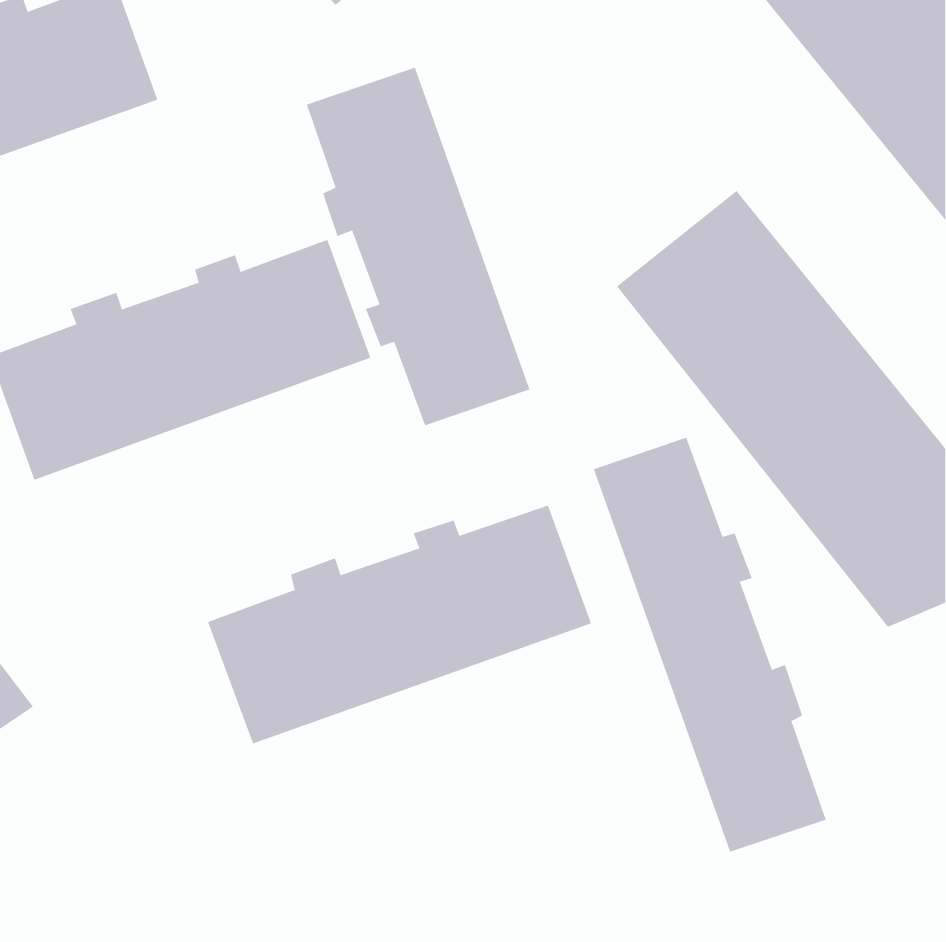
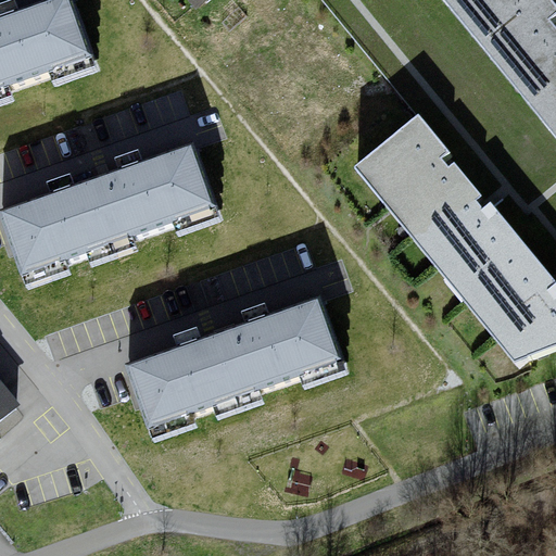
building: [306,67,530,426] -> none
building: [593,437,826,853] -> none

